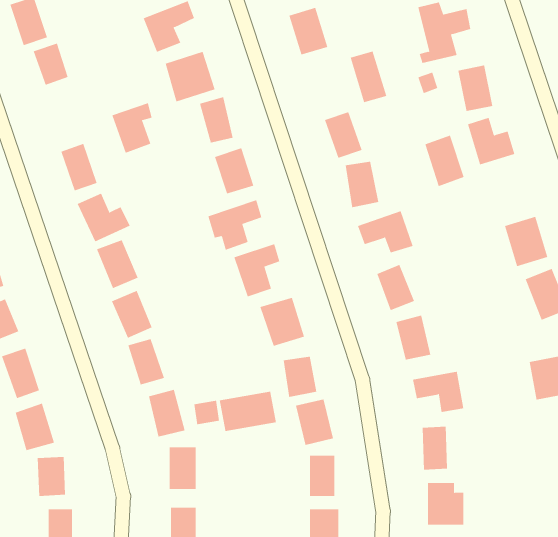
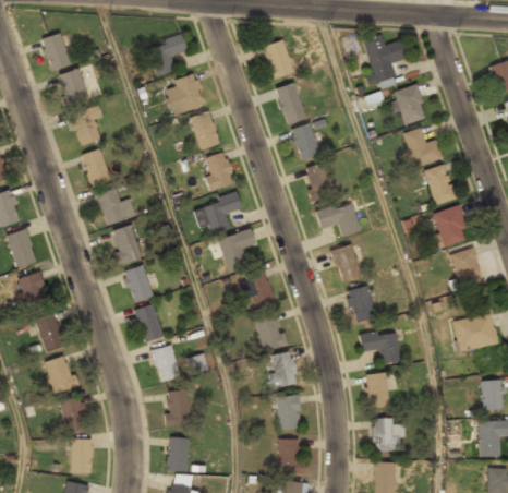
building: [350,51,387,103] -> [276,83,305,124]
building: [111,103,153,153] -> [69,106,101,146]
building: [425,135,464,187] -> [424,164,456,205]
building: [219,391,277,432] -> none

